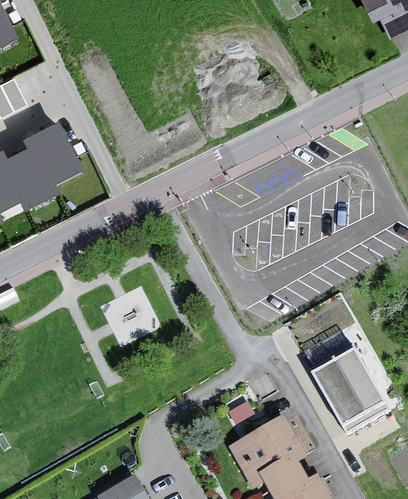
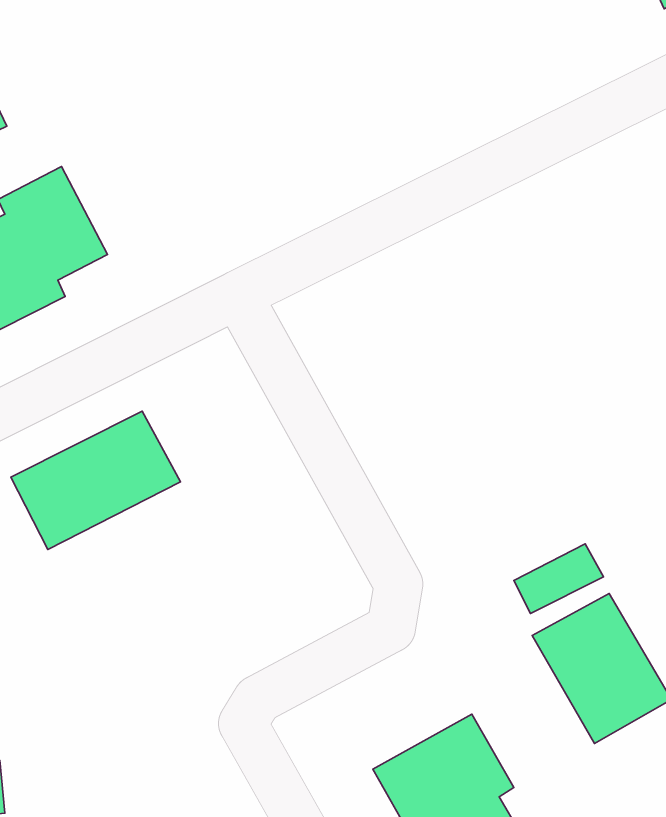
building: none -> [11,411,181,549]

